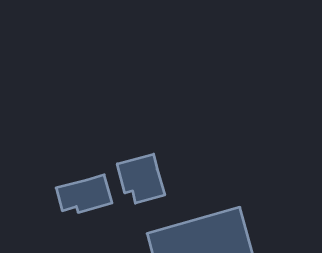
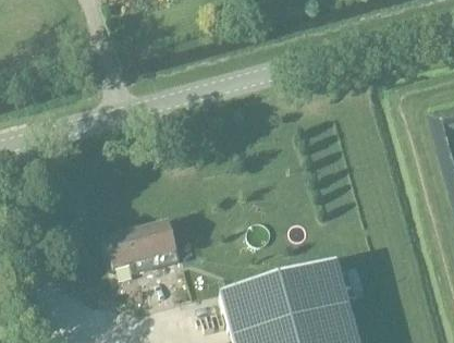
building: [117,154,165,203] -> none

